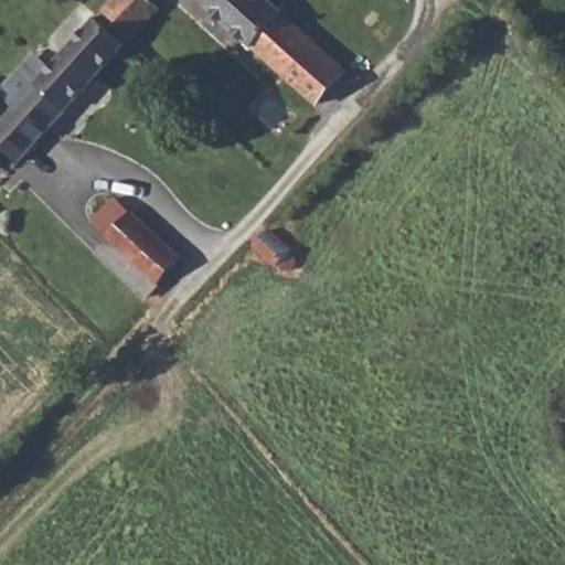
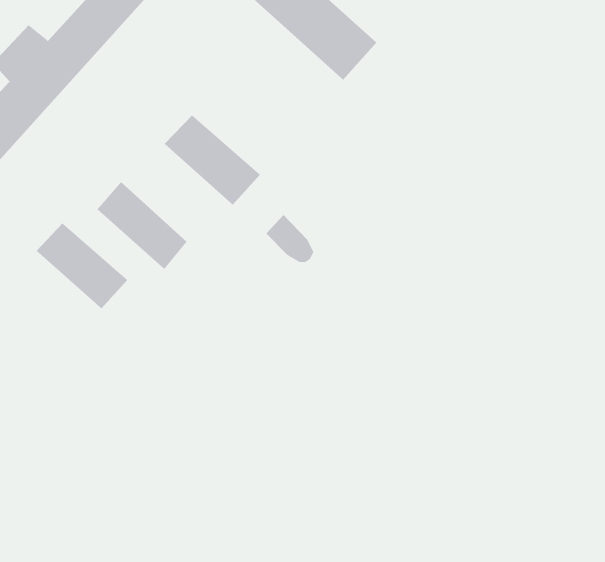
building: none -> [164,114,261,205]
building: none -> [36,223,128,309]

